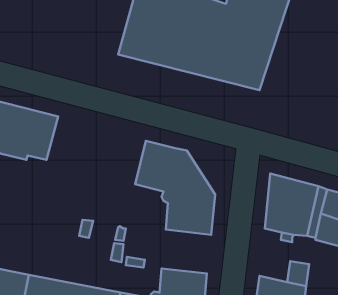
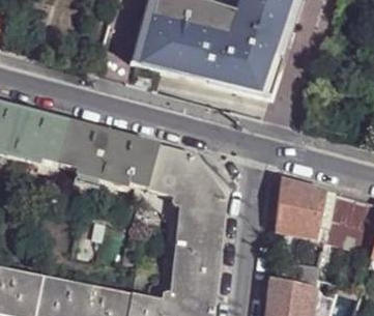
building: none -> [60,120,157,186]
building: none -> [173,231,222,275]

